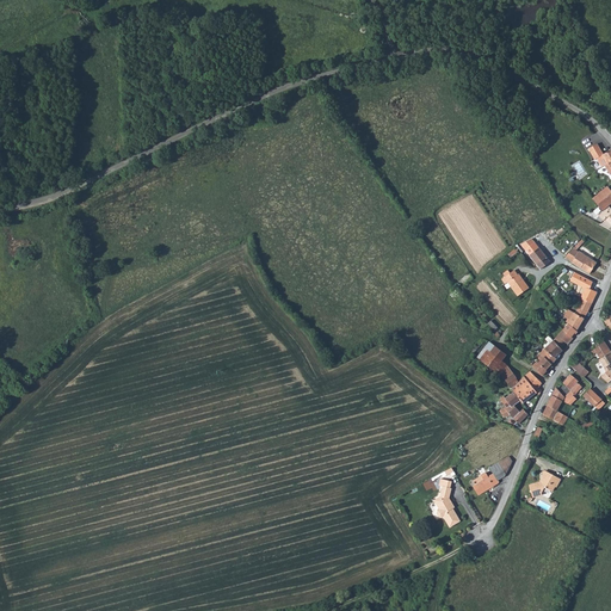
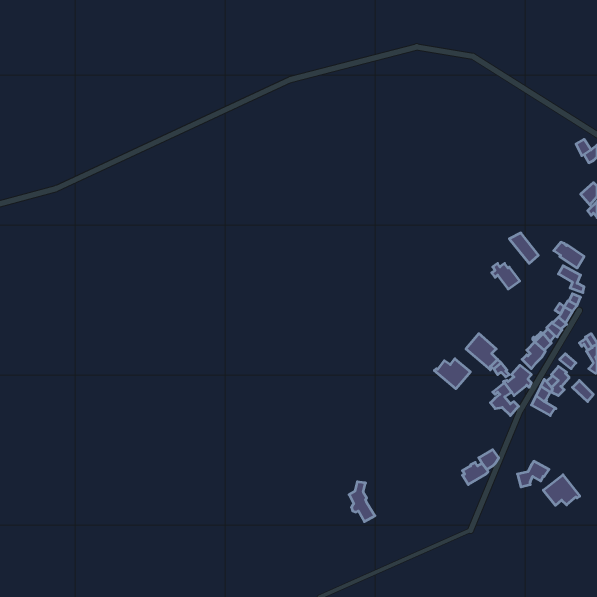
building: none -> [434,359,470,389]
building: none -> [543,475,580,505]
building: [433,486,459,526] -> [349,482,375,522]

